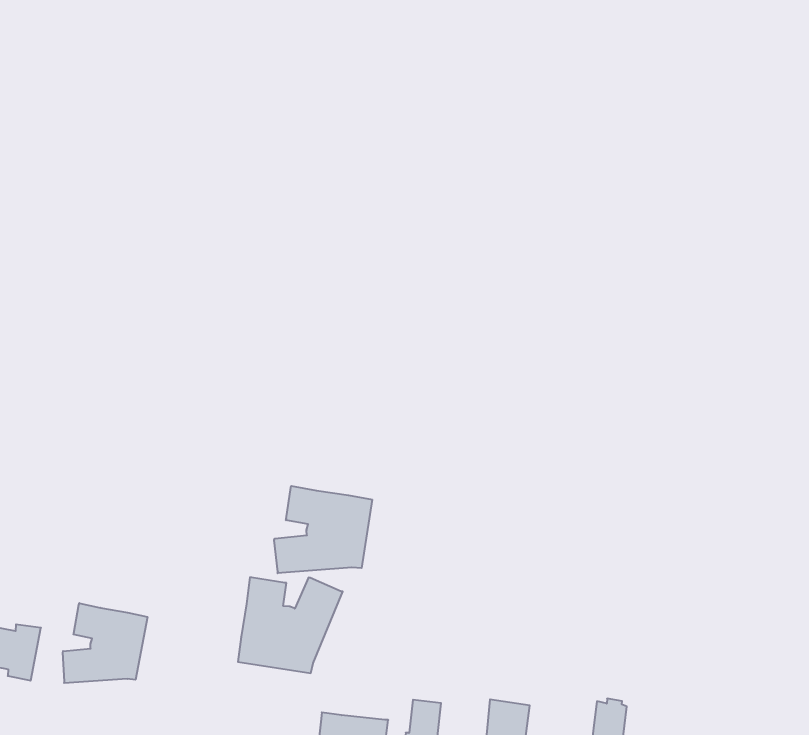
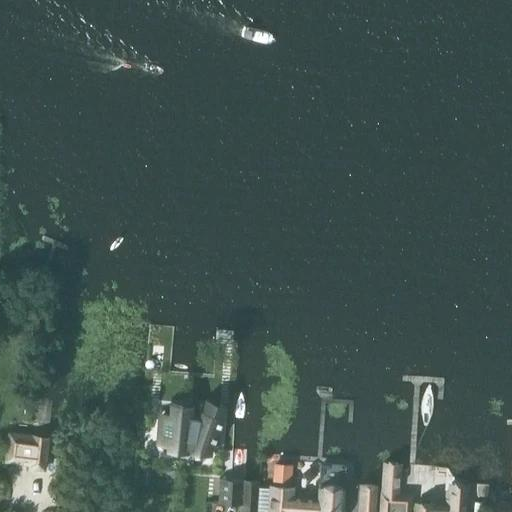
building: [274,486,372,573] -> none
building: [63,603,147,683] -> none

